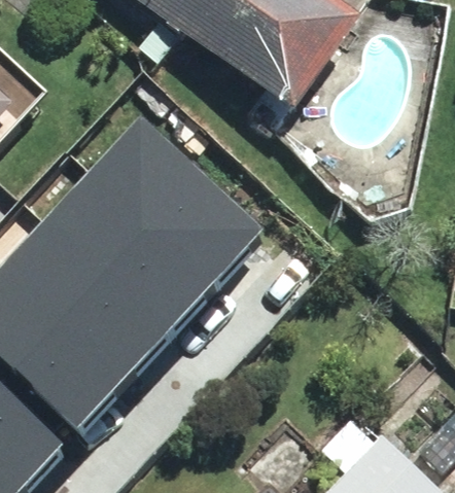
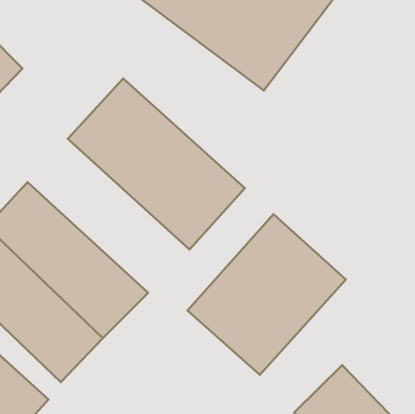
building: [42,176,208,333] -> none
building: none -> [188,214,346,375]

